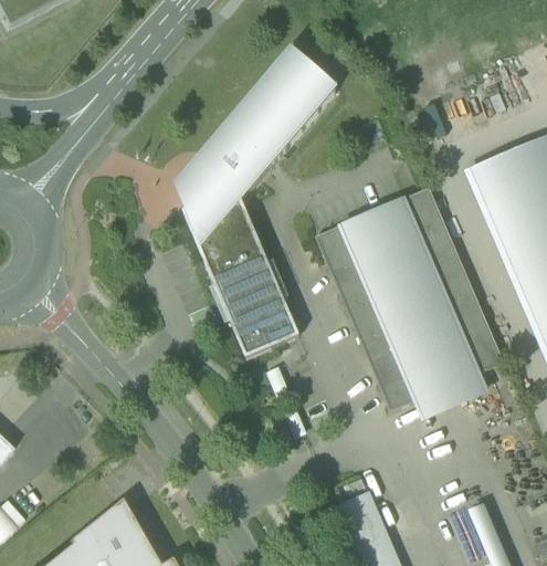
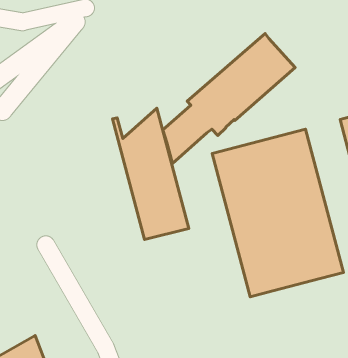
building: [180,49,336,231] -> [163,34,295,164]
building: [418,371,482,413] -> none

